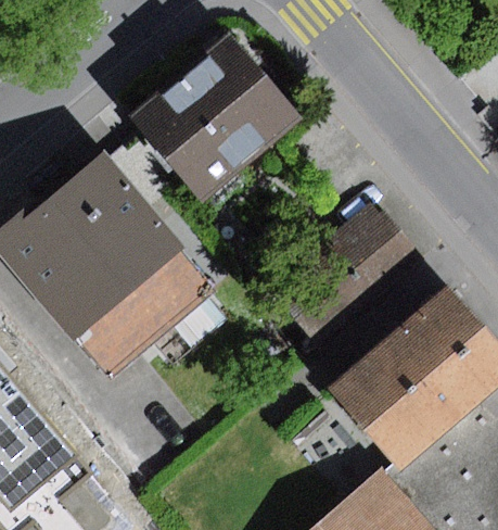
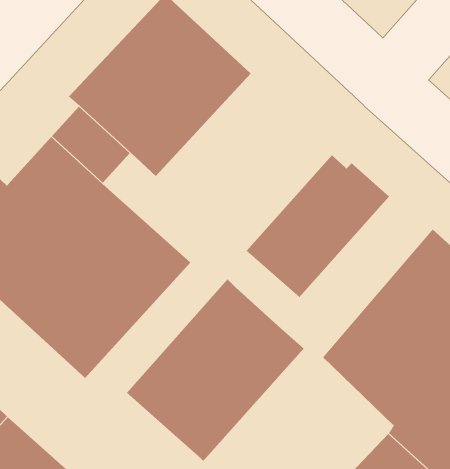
building: none -> [126,278,305,462]

